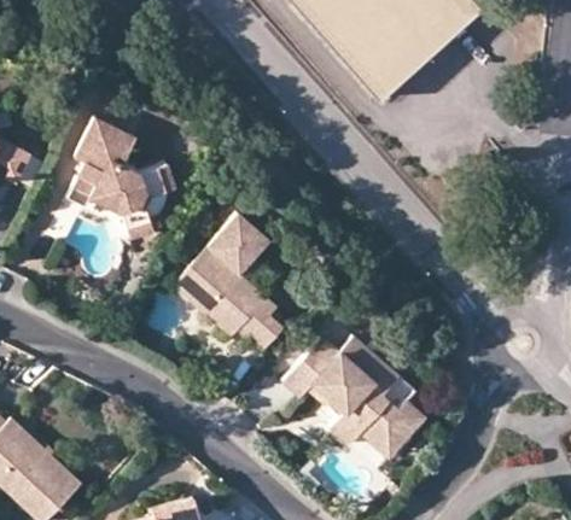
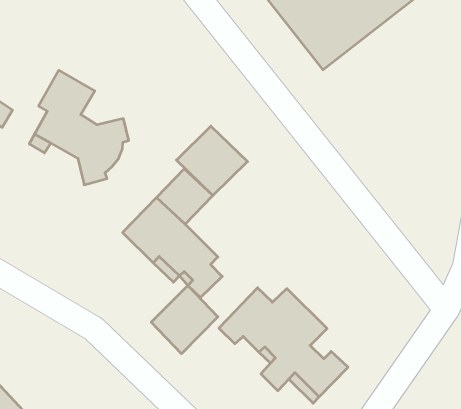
building: none -> [176,126,248,196]
building: none -> [151,285,218,354]

